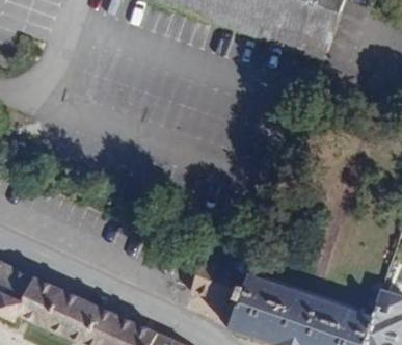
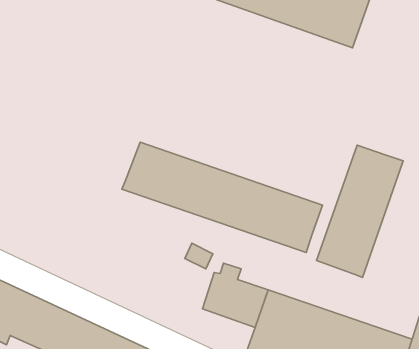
building: none -> [122,142,322,252]
building: none -> [317,145,403,278]

